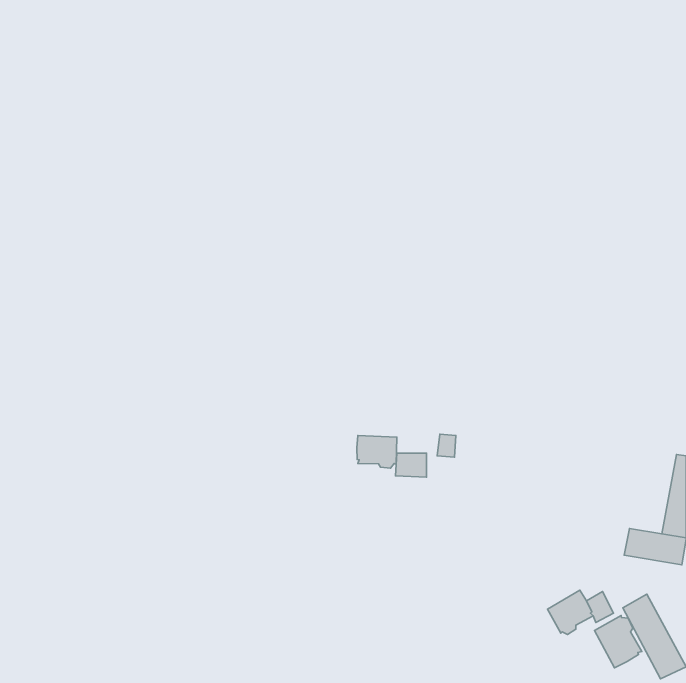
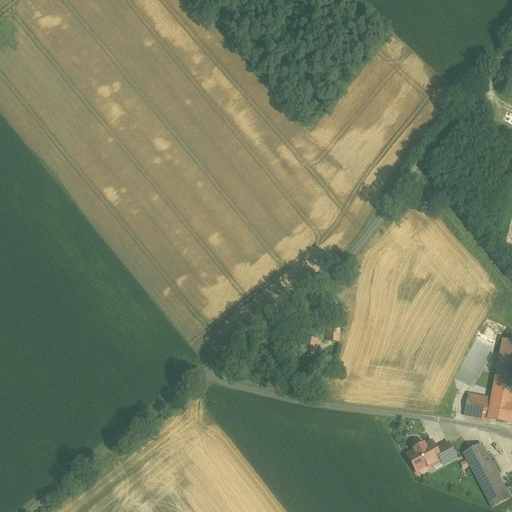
building: [357,436,397,468] -> none
building: [594,615,642,668] -> none

